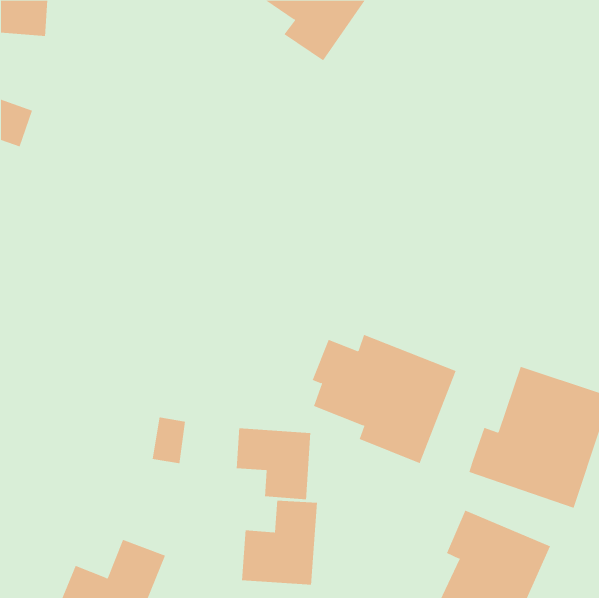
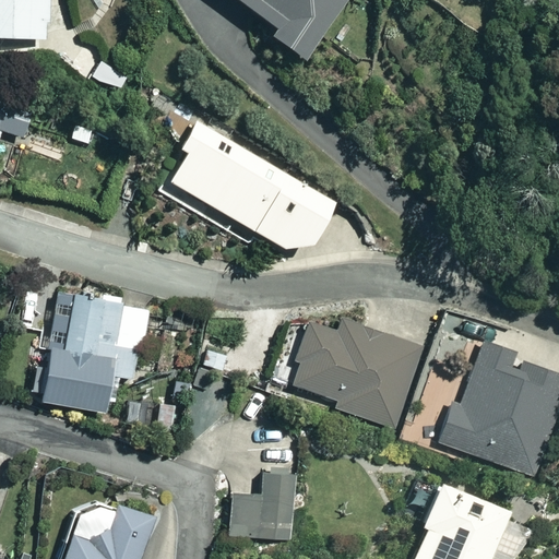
building: none -> [167,124,333,247]
building: none -> [36,297,145,411]
building: [236,427,311,500] -> none

